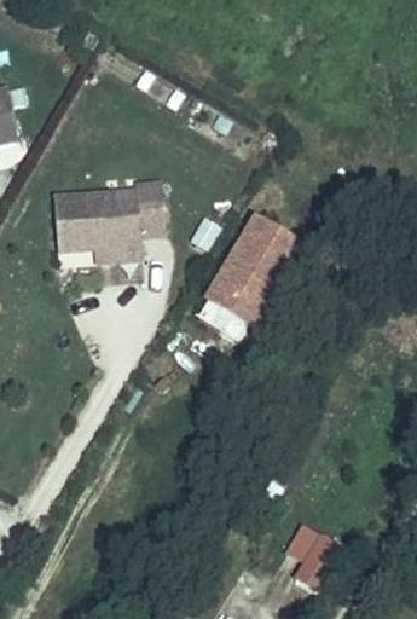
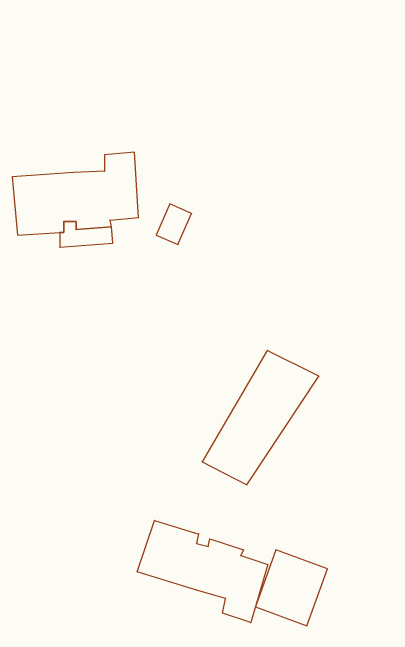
building: [191,225,295,345] -> [202,350,319,485]
building: none -> [137,520,268,623]

